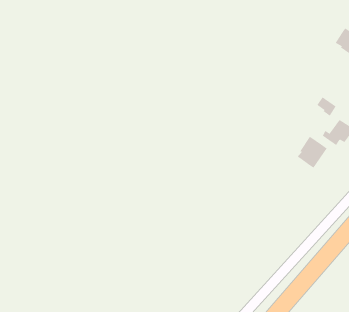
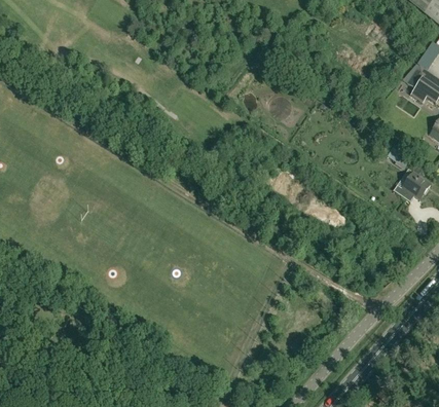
building: [297,136,327,168] -> none

